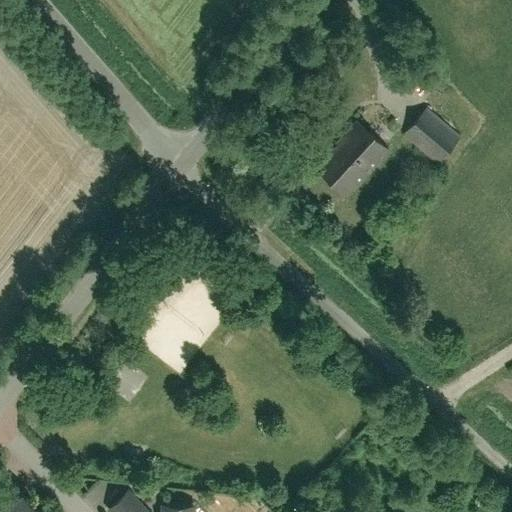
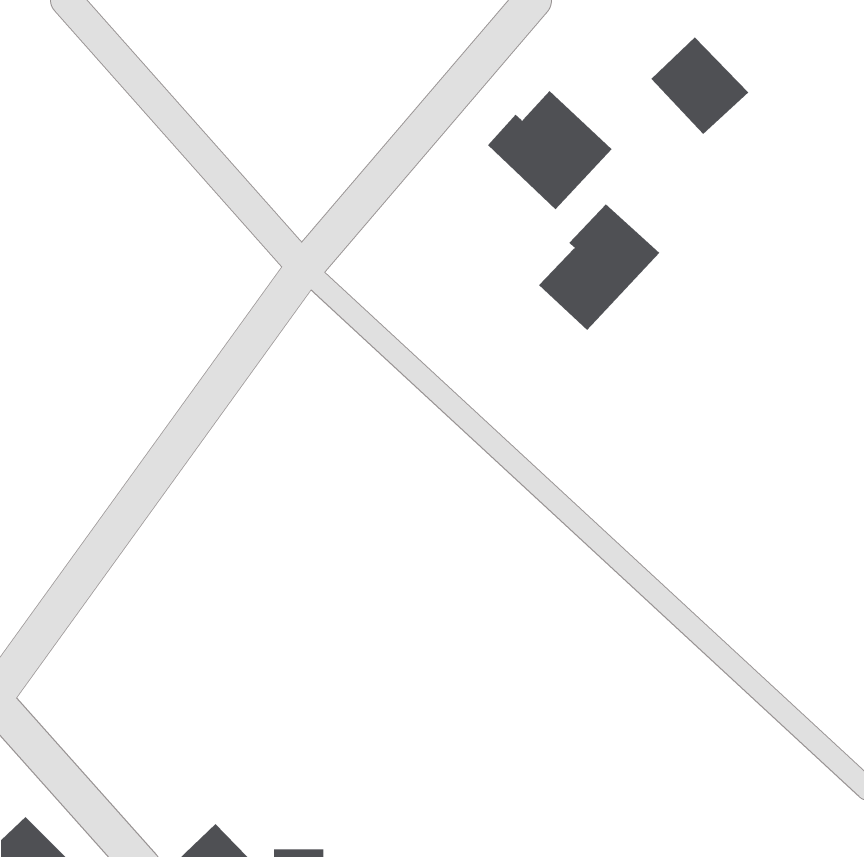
building: none -> [487,90,612,210]
building: [400,109,458,167] -> [651,36,749,135]

